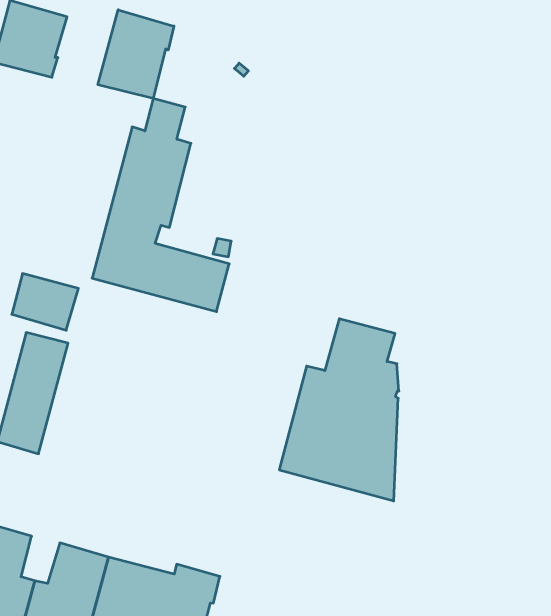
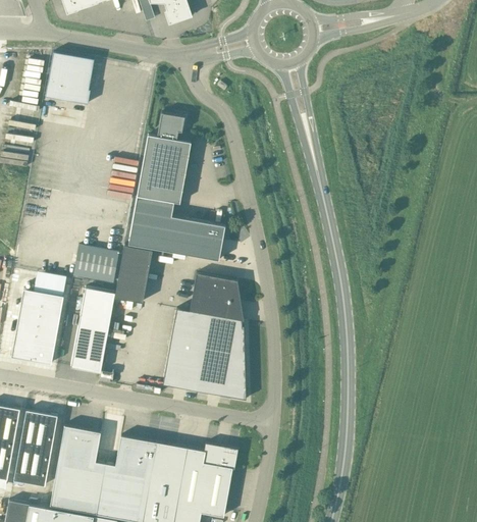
building: [98,10,174,99] -> none
building: none -> [115,245,153,303]
building: [279,319,399,501] -> [163,273,247,400]

